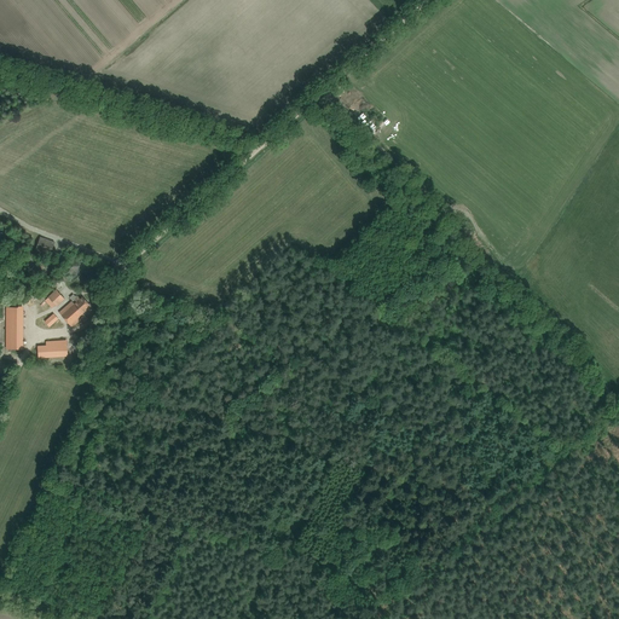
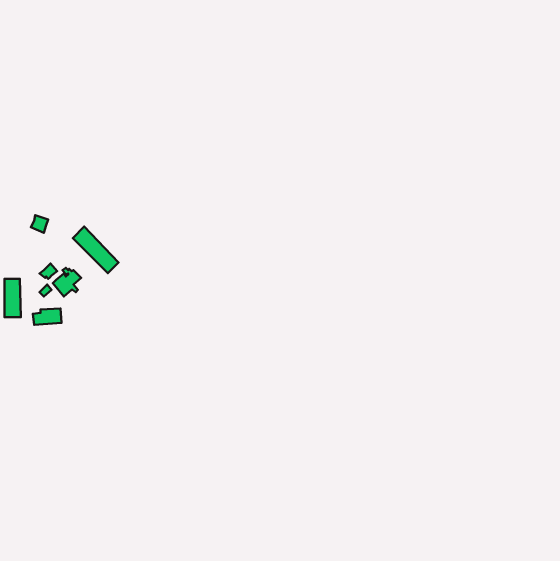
building: none -> [73,227,119,273]

